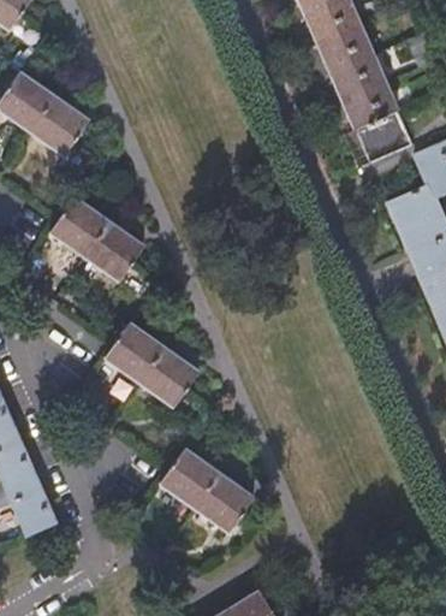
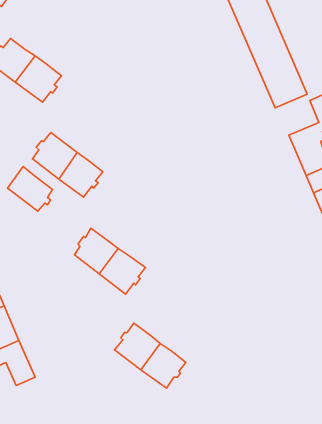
building: none -> [7,166,53,211]

